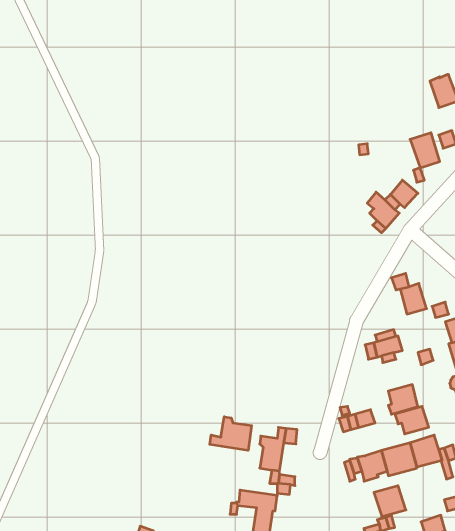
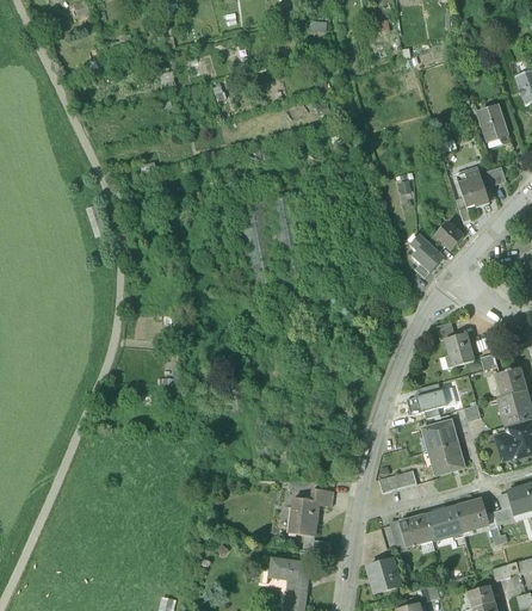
building: [395,406,429,434] -> [421,419,458,449]
building: [210,417,252,450] -> none
building: [374,486,406,517] -> [366,558,401,592]

